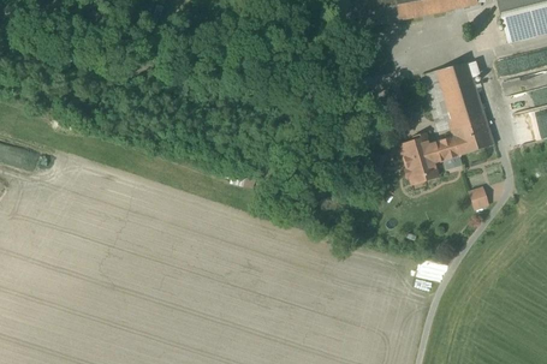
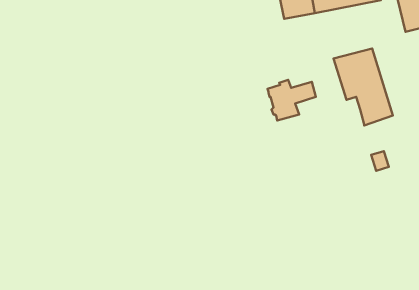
building: [400,133,459,183] -> [267,80,316,120]

